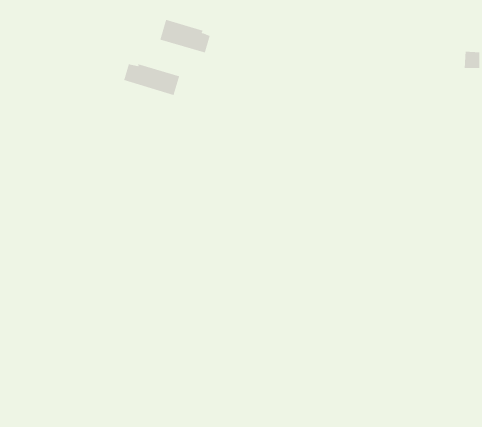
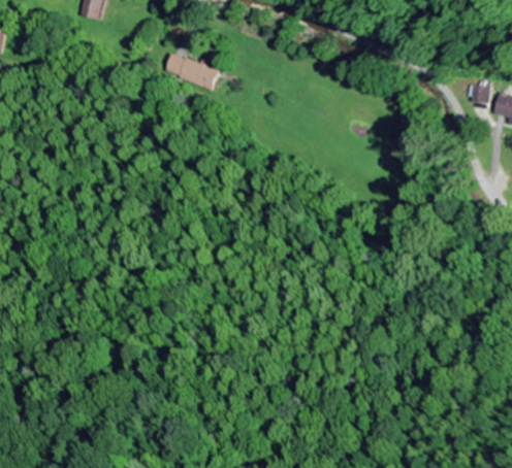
building: [123,63,180,96] -> none

